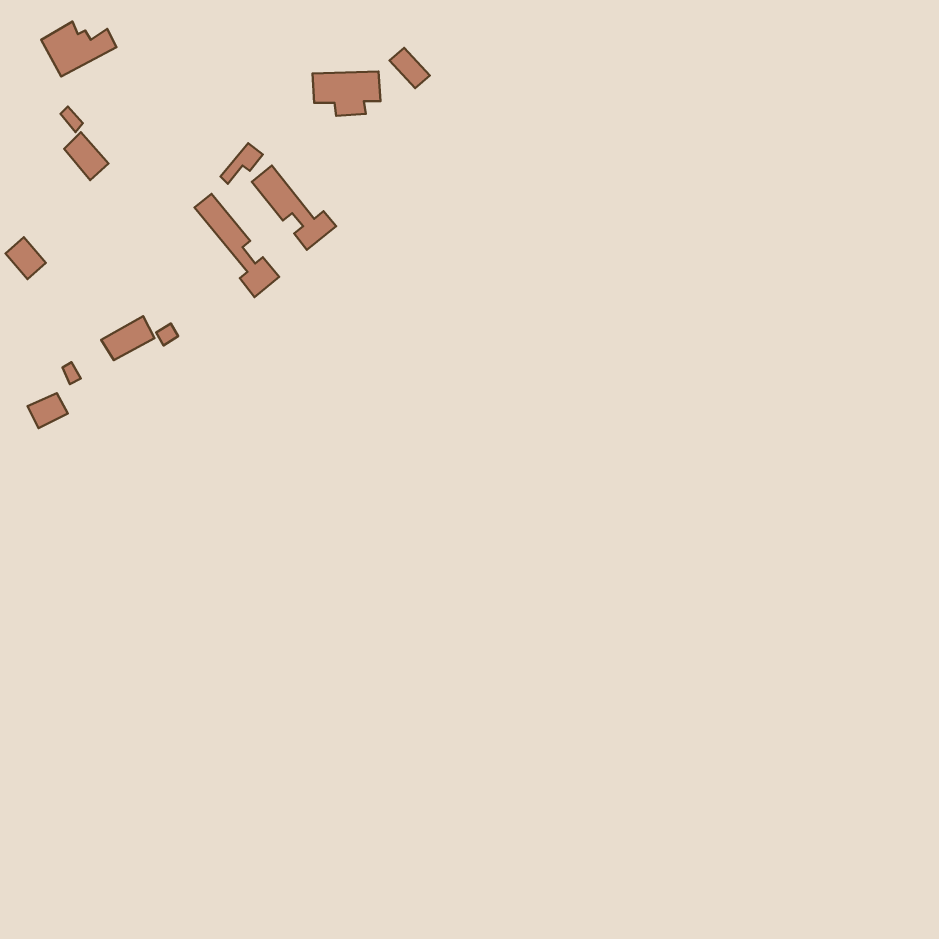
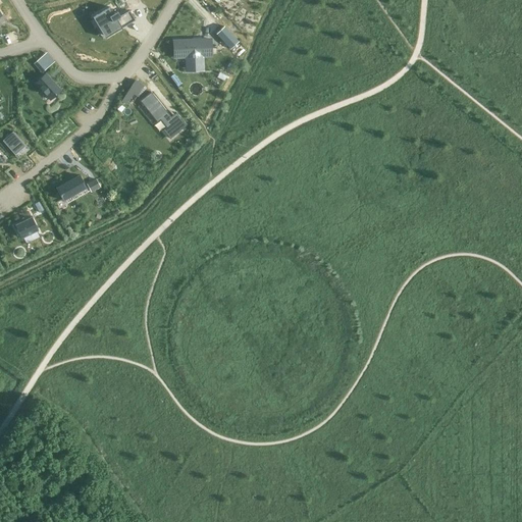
building: [41,21,116,76] -> [92,6,134,37]
building: [194,194,279,297] -> none

